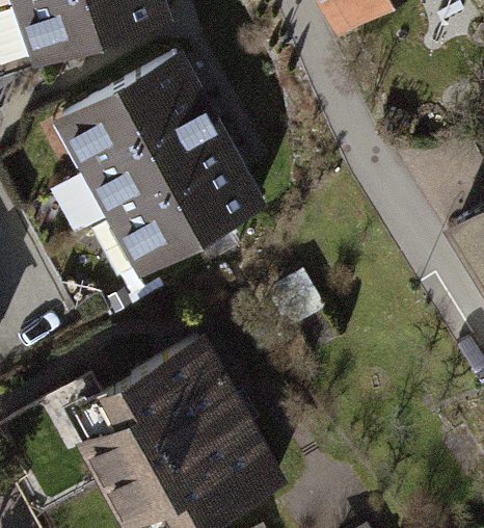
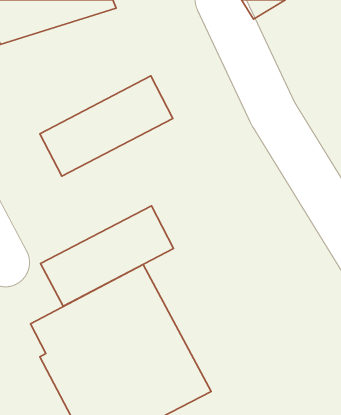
building: [52,52,215,175] -> none
building: [106,156,269,279] -> [40,206,173,306]

